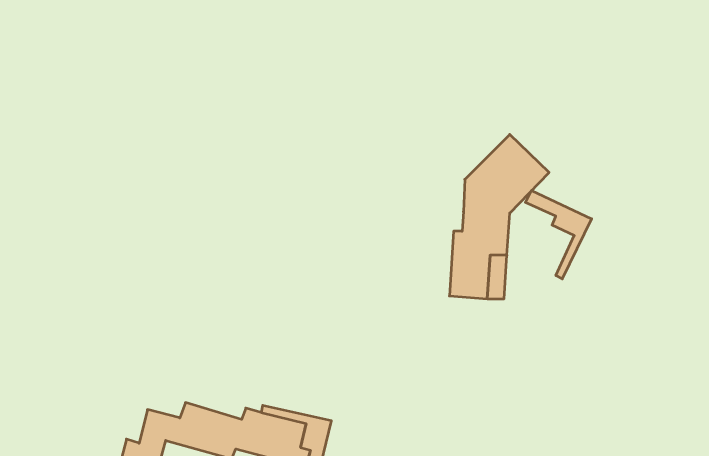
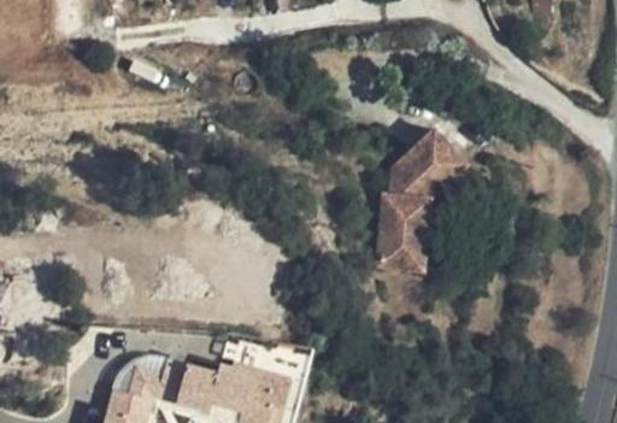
building: [525,190,592,279] -> none

